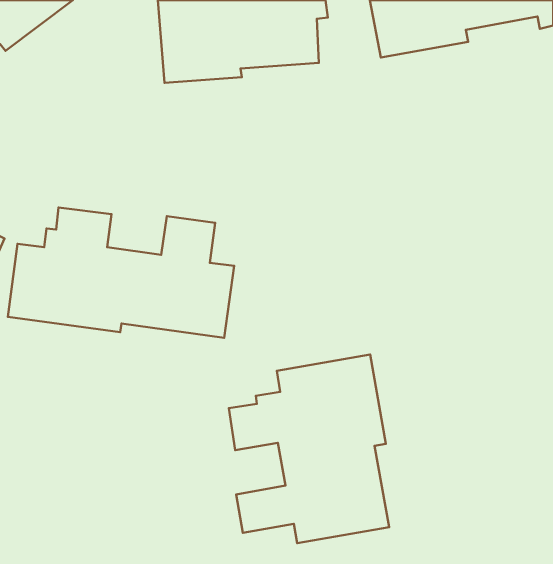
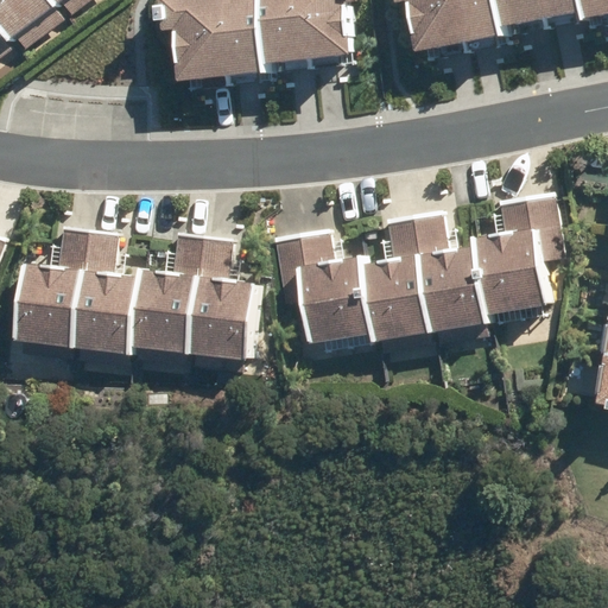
building: none -> [276,191,565,344]
building: [229,355,389,543] -> none

